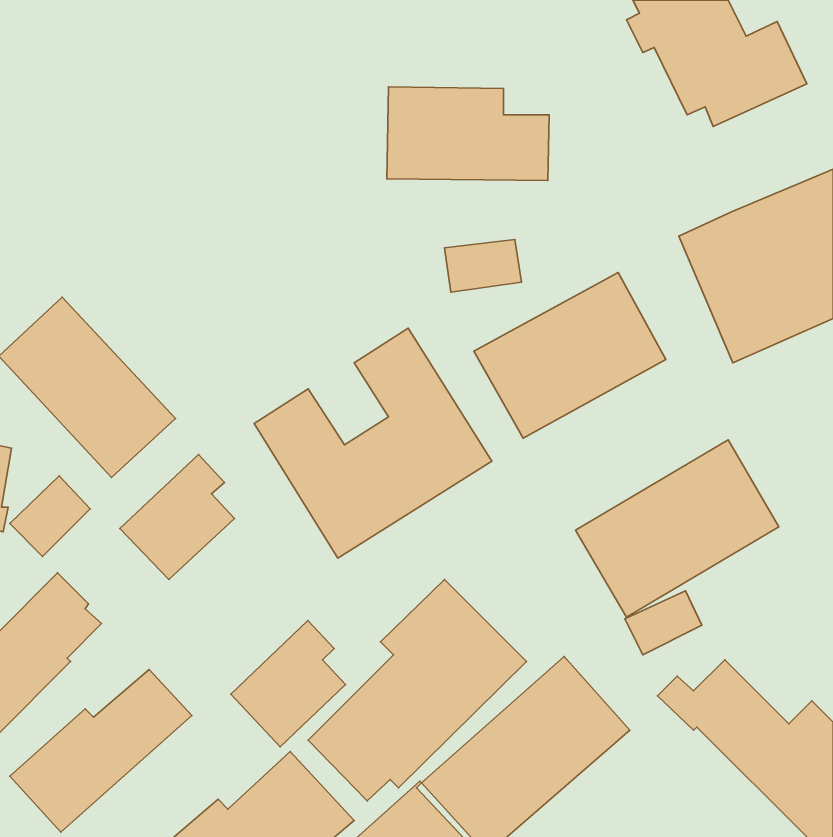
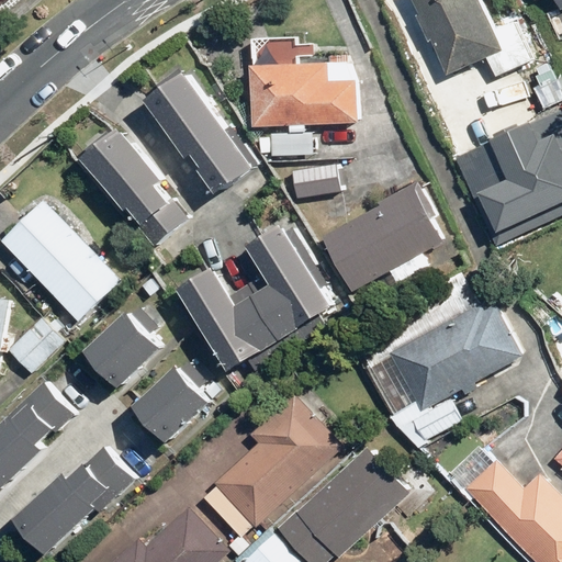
building: none -> [139,74,247,194]
building: none -> [76,126,176,243]
building: [231,620,346,747] -> [130,361,206,446]

